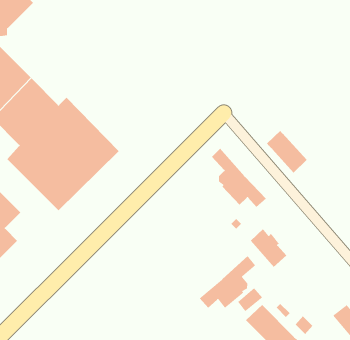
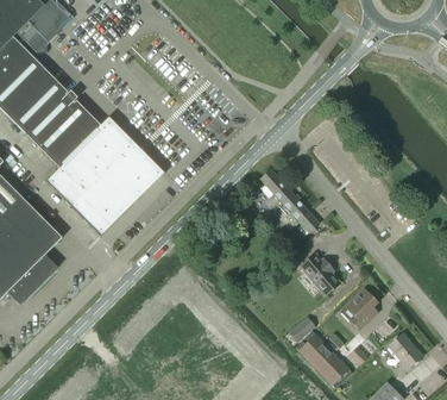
building: [266,130,308,174] -> none
building: [199,255,256,309] -> none
building: none -> [340,287,377,329]

